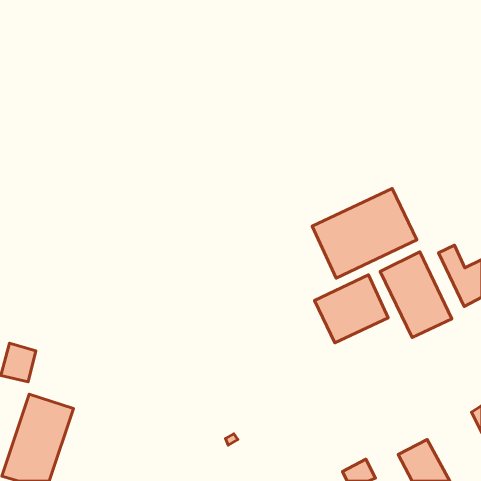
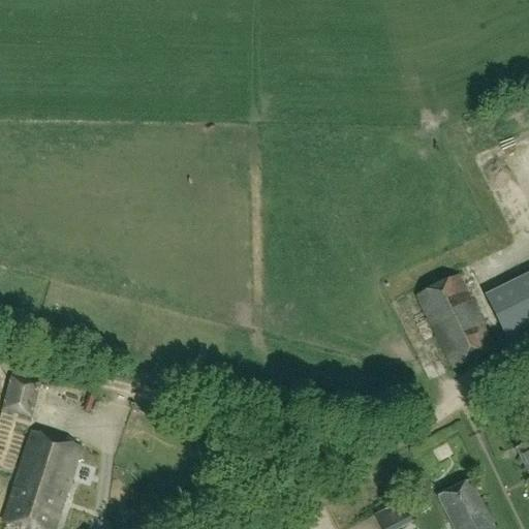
building: [312,189,417,278] -> none
building: [315,275,388,343] -> none

